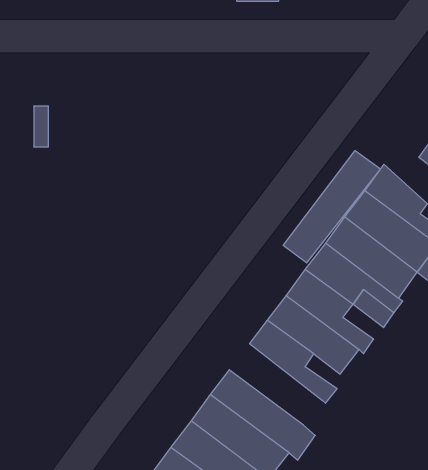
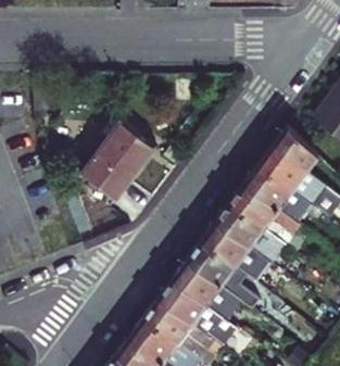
building: [283,151,381,263] -> none
building: none -> [75,121,151,200]
building: none -> [173,263,242,324]

